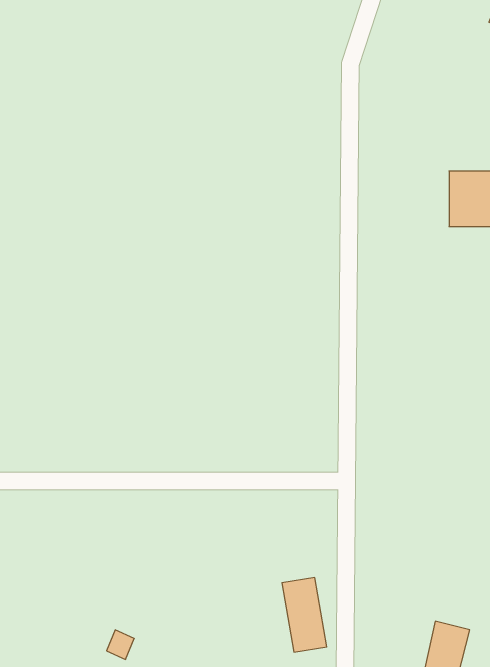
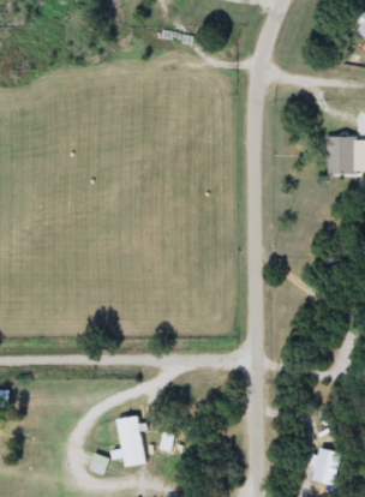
building: [282,578,327,652] -> [115,415,146,467]

